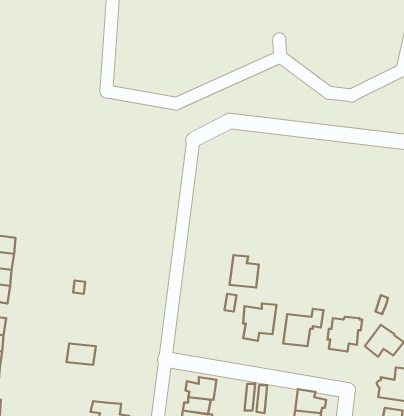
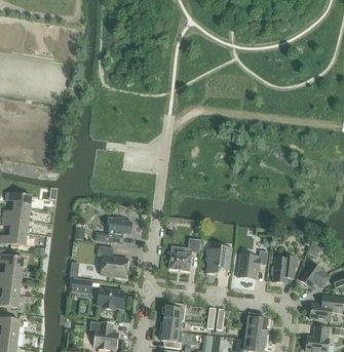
building: [230,255,259,287] -> [168,245,191,270]
building: none -> [94,216,131,242]
building: none -> [97,244,127,277]
building: none -> [98,287,123,309]

